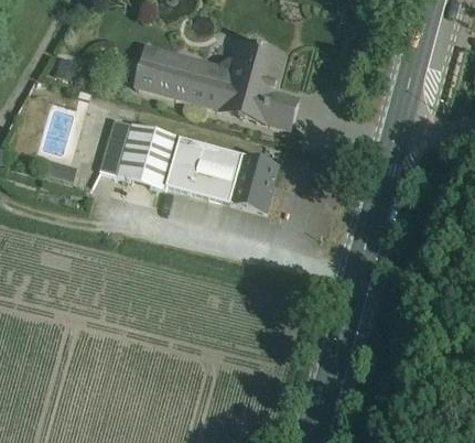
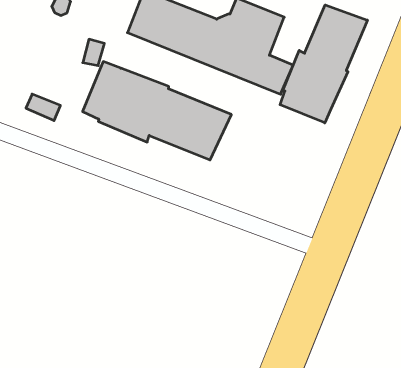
building: none -> [280,5,367,123]
building: [229,154,279,210] -> none

